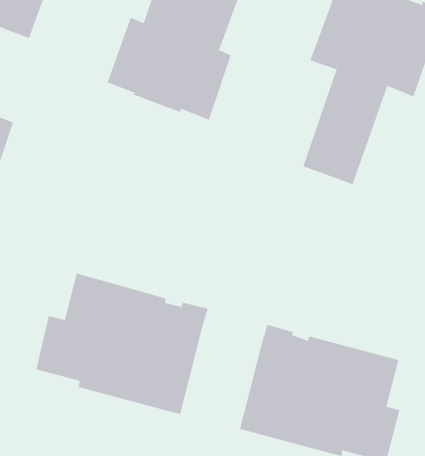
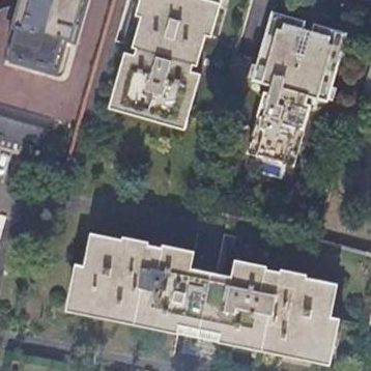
building: none -> [179,266,232,336]

